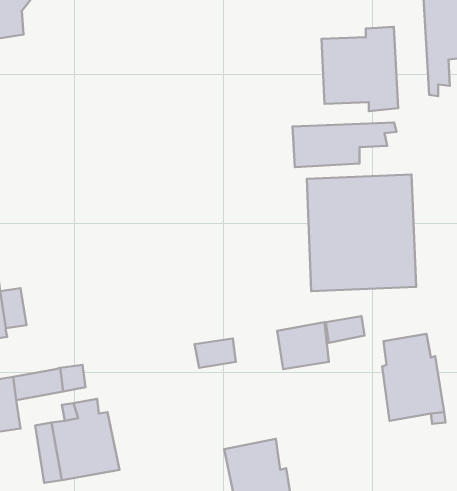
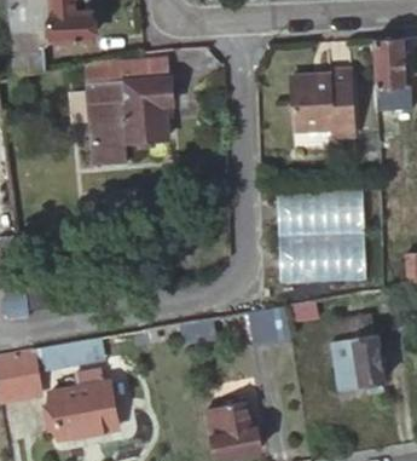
building: none -> [87,60,173,166]
building: [292,122,397,167] -> none

